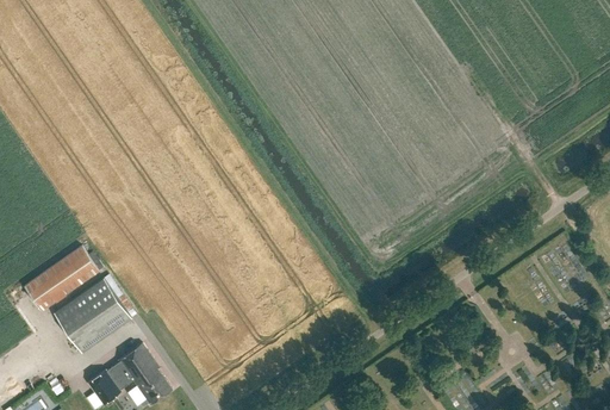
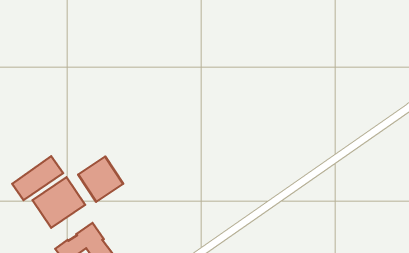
building: none -> [78,157,123,202]

